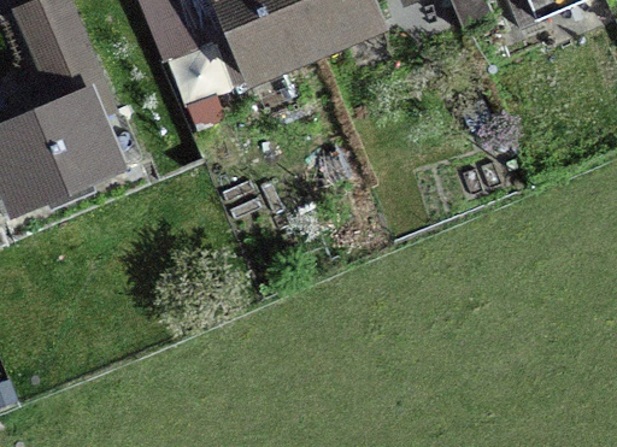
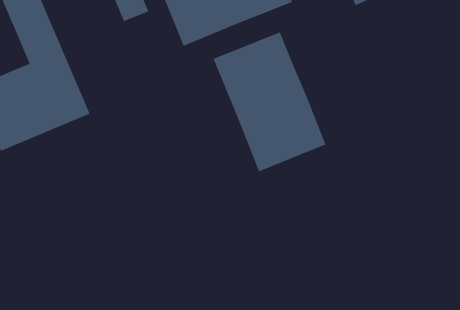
building: none -> [213,31,326,172]

